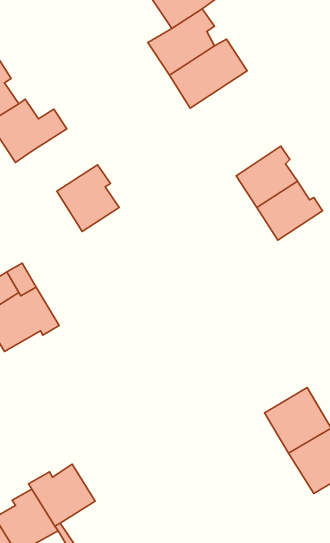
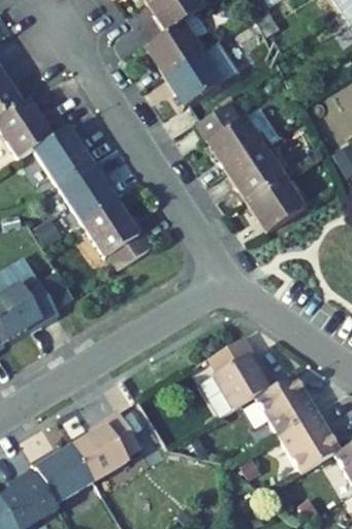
building: none -> [196,103,280,173]
building: none -> [33,128,96,187]
building: none -> [82,203,153,271]
building: none -> [200,337,268,417]
building: none -> [72,411,141,480]

